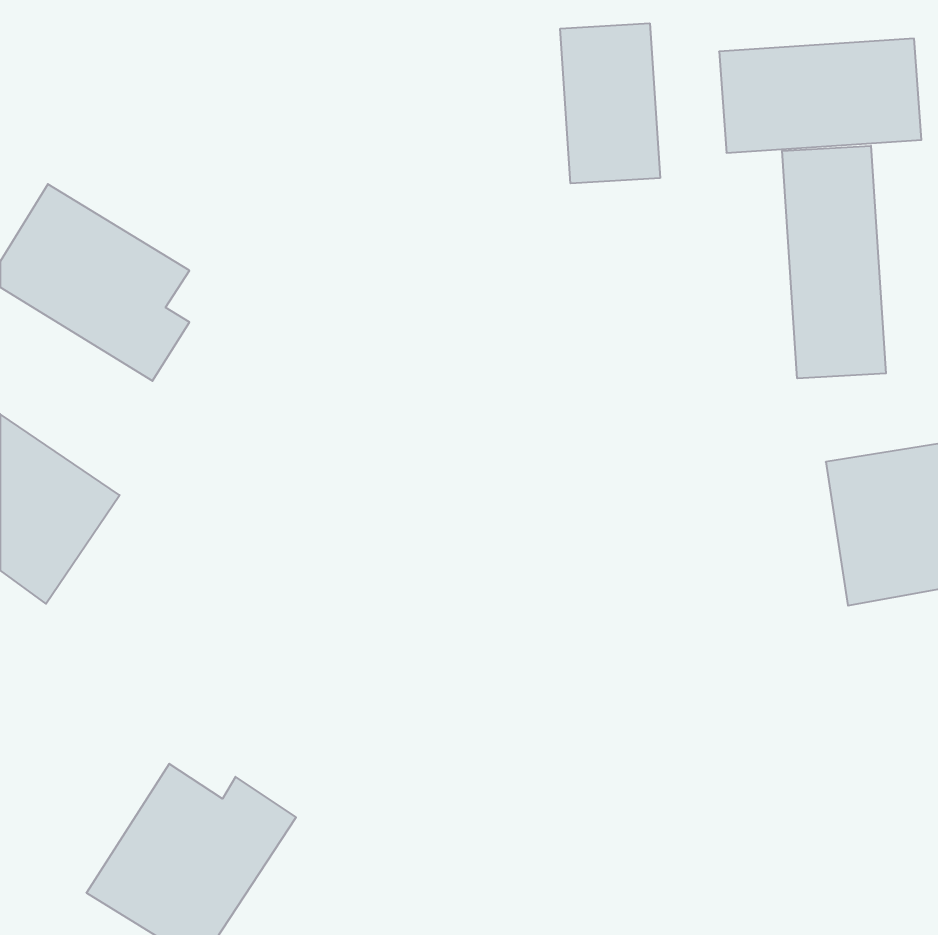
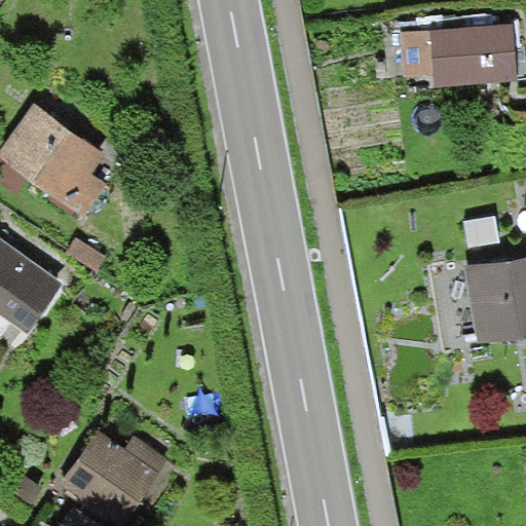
building: [560,23,660,183] -> none
building: [782,146,886,378] -> none

